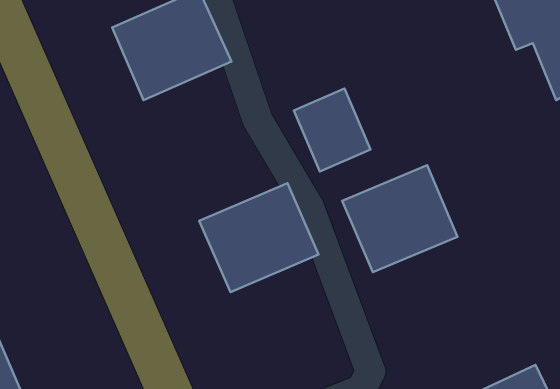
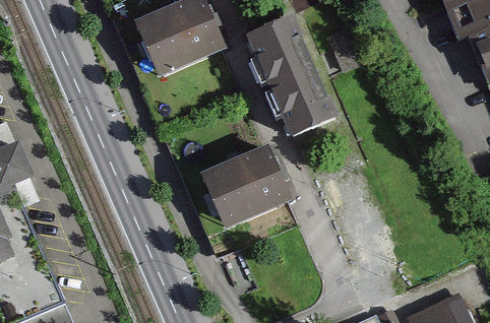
building: none -> [253,23,314,88]
building: [342,165,457,272] -> none

